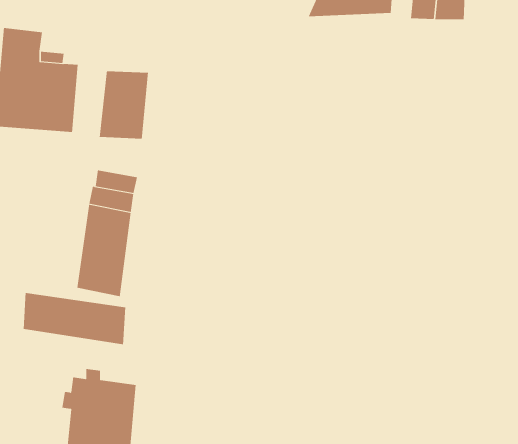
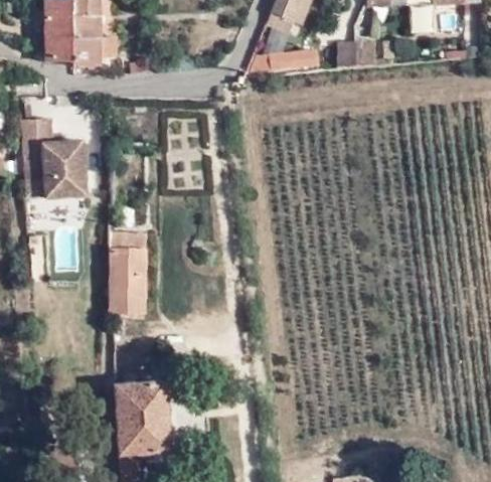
building: [99,70,148,139] -> none
building: [23,292,126,345] -> none

